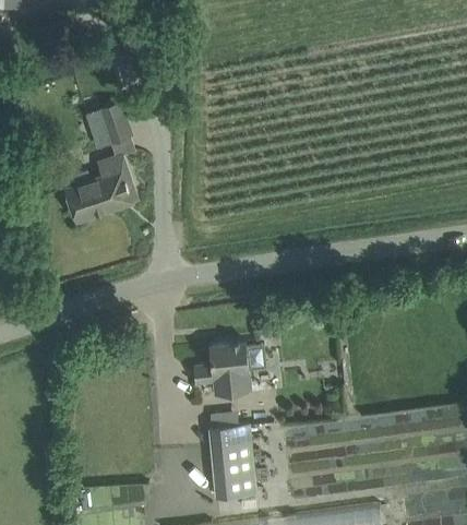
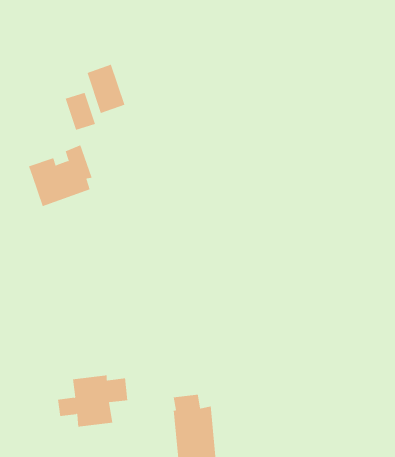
building: none -> [87,64,125,114]
building: [193,345,265,398] -> [57,375,128,427]

